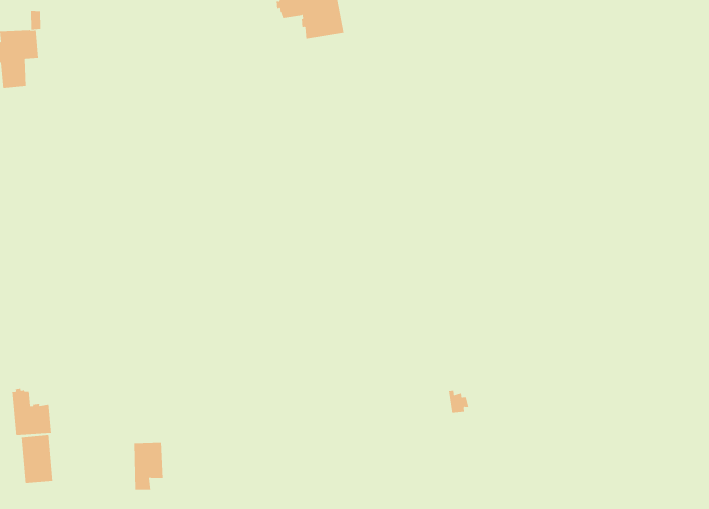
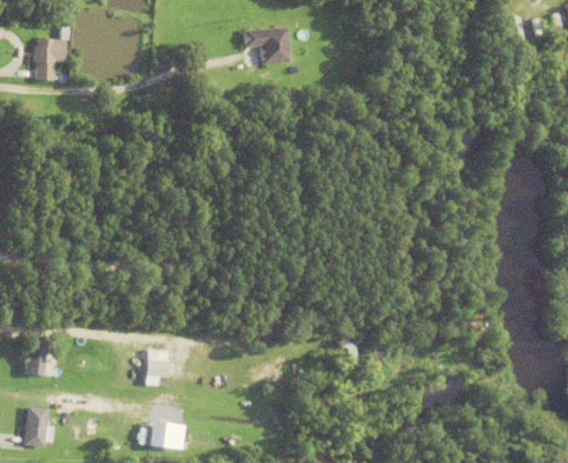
building: [12,388,51,436] -> none
building: [133,442,164,490] -> [148,349,171,384]

